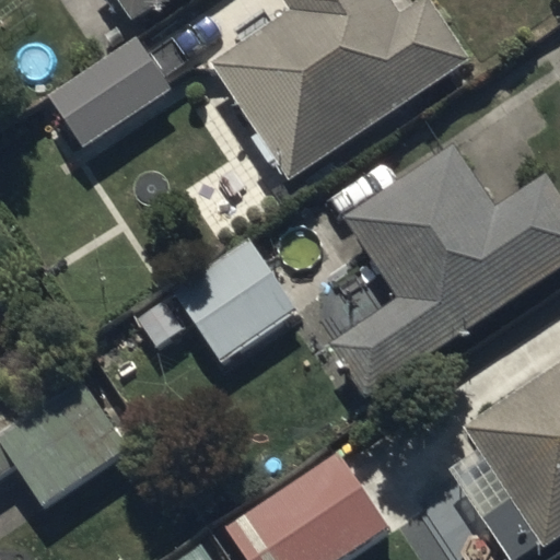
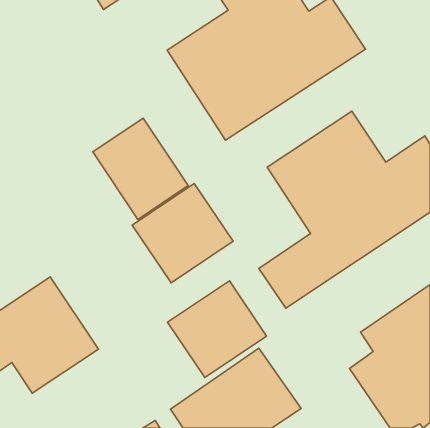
building: [48,37,171,150] -> none
building: none -> [93,118,188,220]
building: none -> [168,281,267,377]

